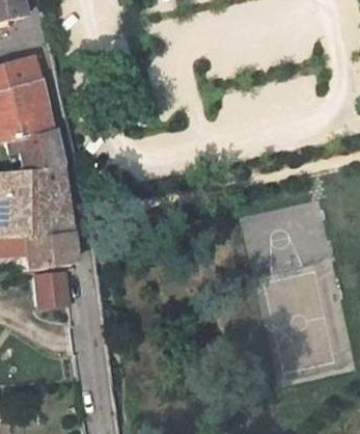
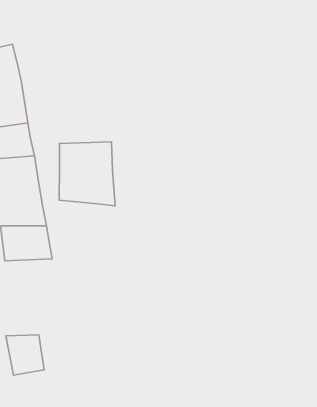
building: none -> [59,142,115,206]
building: [35,269,72,307] -> [6,335,44,375]

